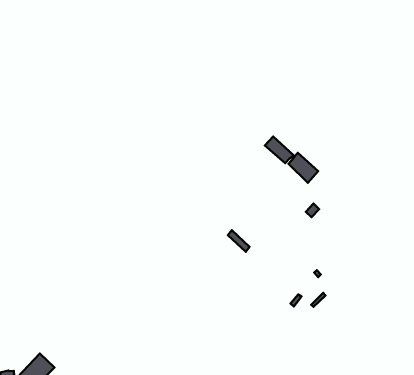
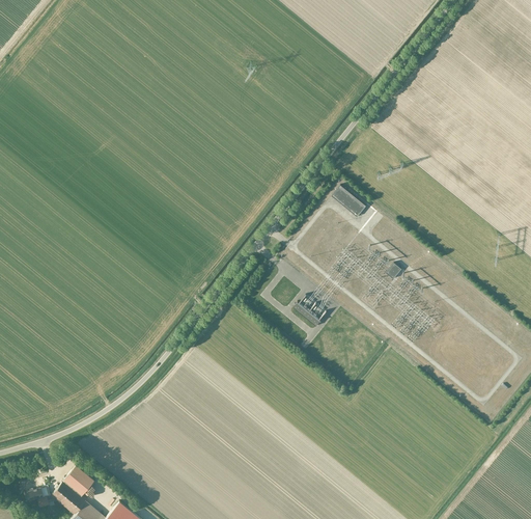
building: [288,153,318,183] -> none

